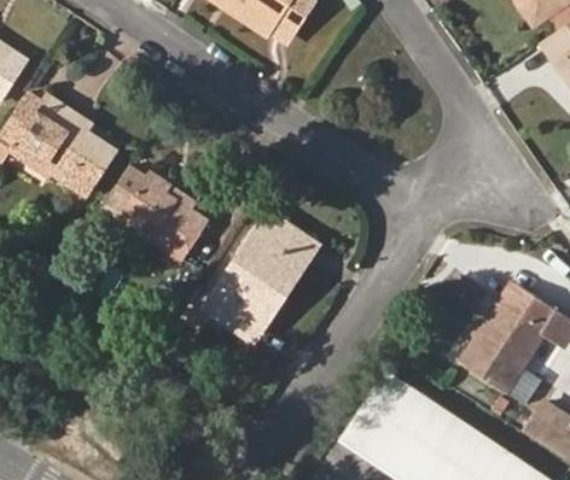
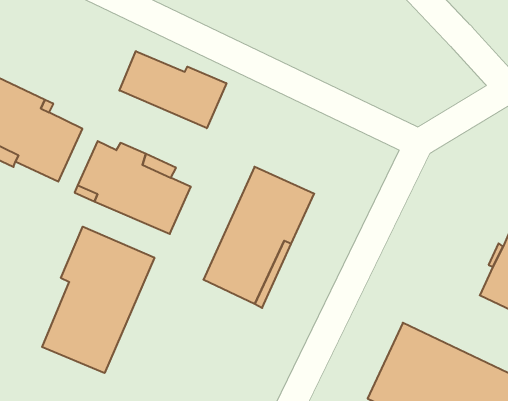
building: none -> [119,51,226,128]
building: none -> [42,227,154,373]

